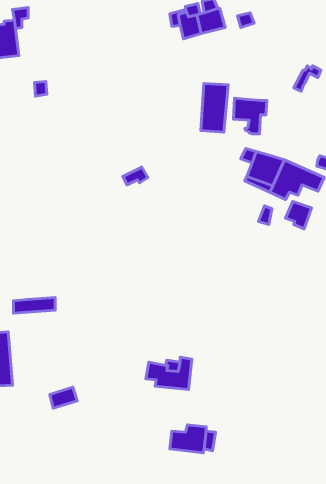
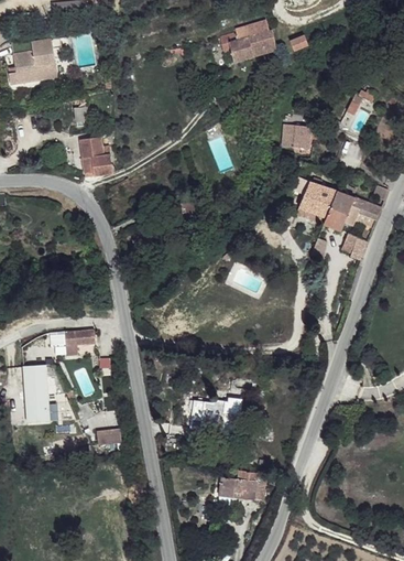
building: [201,83,228,132] -> none
building: none -> [79,137,111,175]

